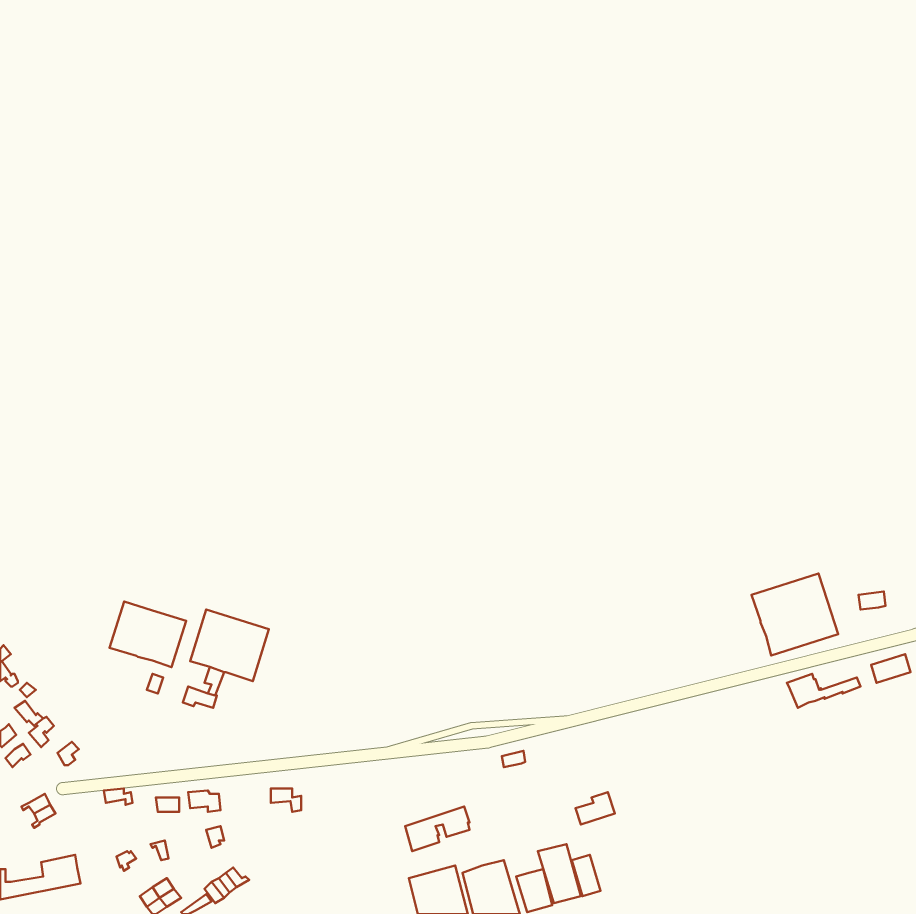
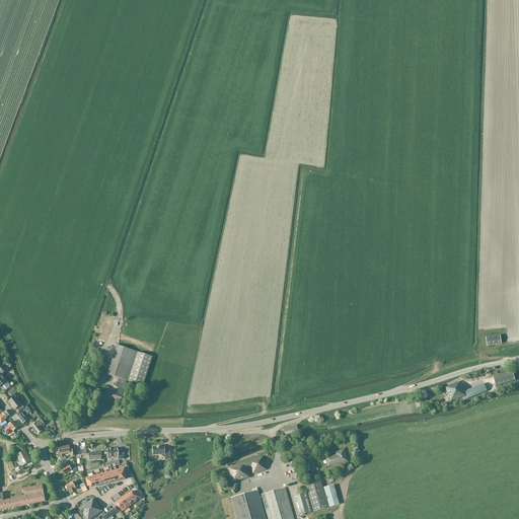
building: [752,573,838,655] -> none
building: [110,602,186,667] -> none

